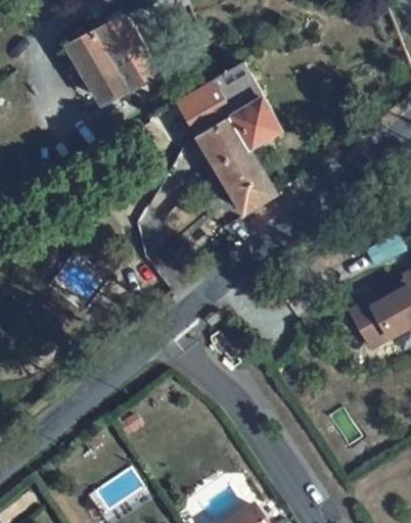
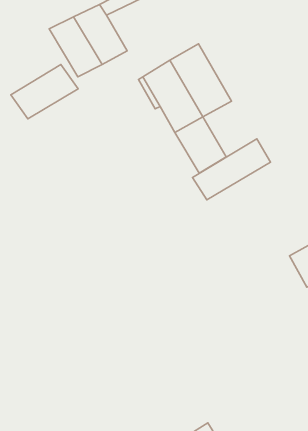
building: none -> [11,65,78,119]
building: none -> [192,139,271,200]

